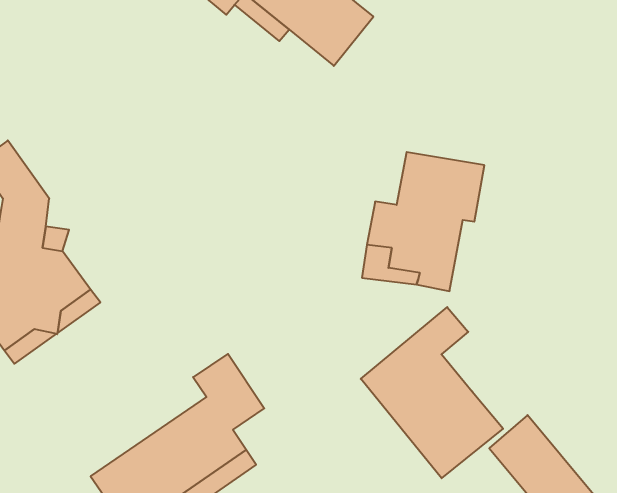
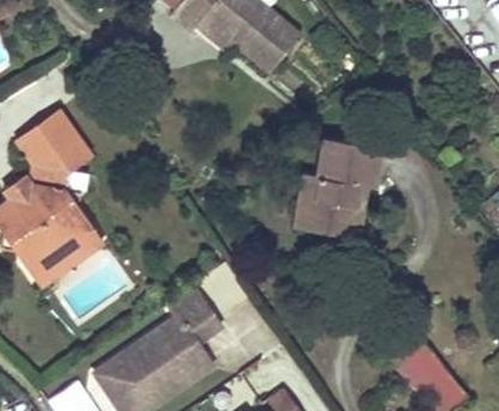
building: none -> [36,112,86,168]
building: [361,307,503,478] -> none

